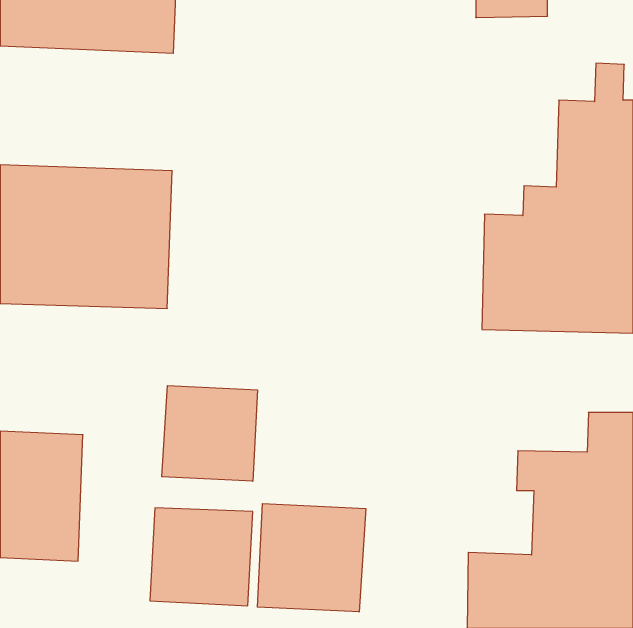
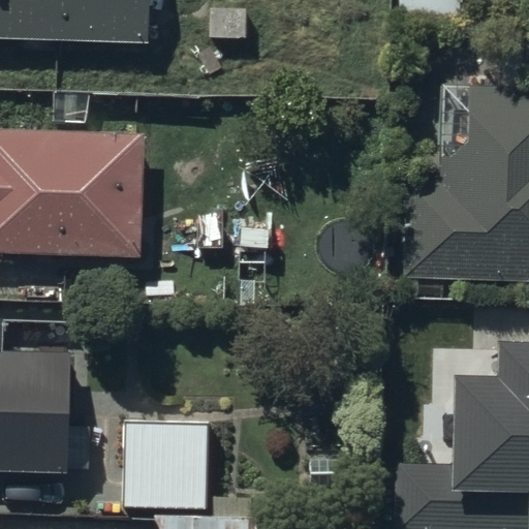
building: [162,386,257,481] -> none
building: [257,504,366,612] -> none

